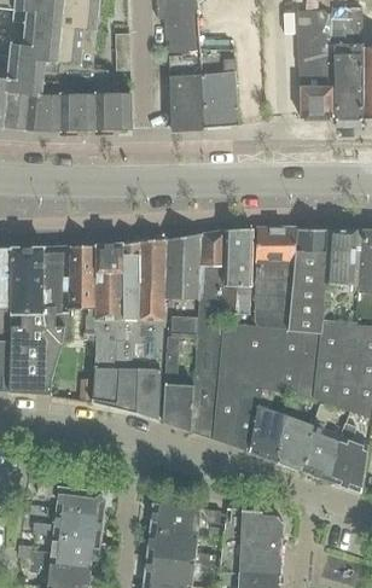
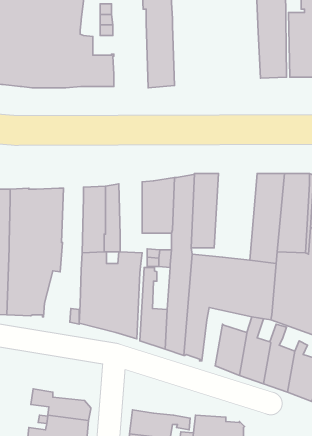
building: [199,51,238,128] -> none
building: [254,229,297,330] -> none
building: [138,239,164,321] -> none
building: [71,245,97,340] -> none
building: [233,395,260,452] -> none

